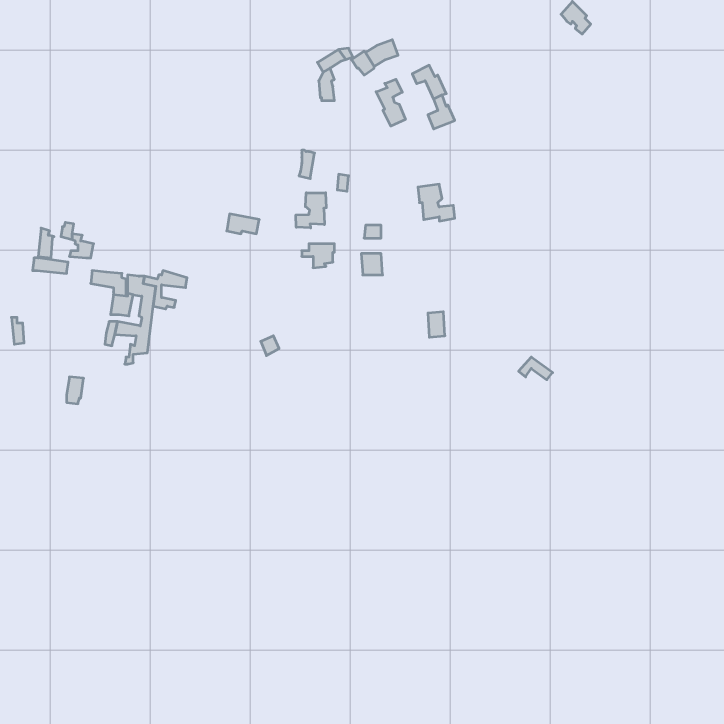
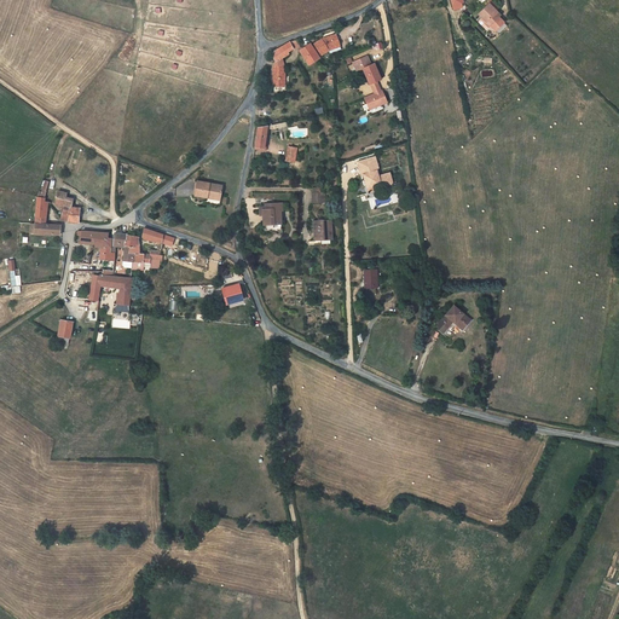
building: [376,79,405,126] -> none
building: [296,193,326,228] -> none

